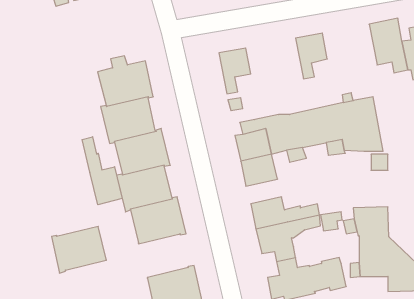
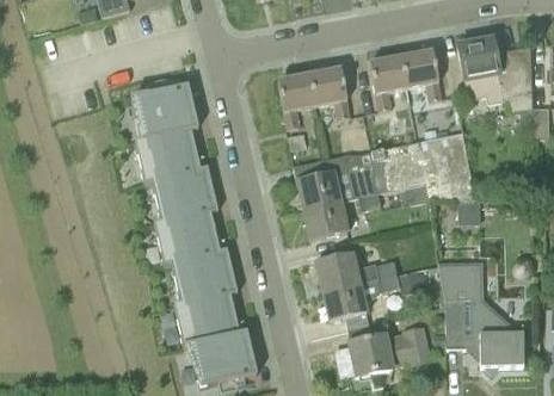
building: none -> [401,49,442,100]
building: none -> [309,67,351,118]
building: [82,137,122,205] -> none
building: [52,226,106,273] -> [174,296,240,352]

